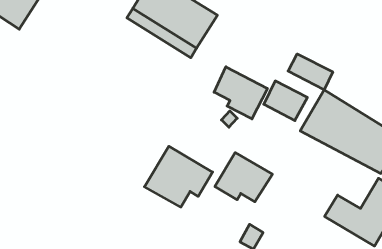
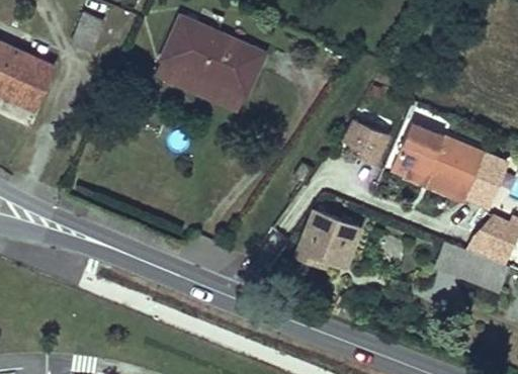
building: [288,54,333,90] -> none
building: [214,67,267,119] -> none
building: [144,146,213,207] -> none

